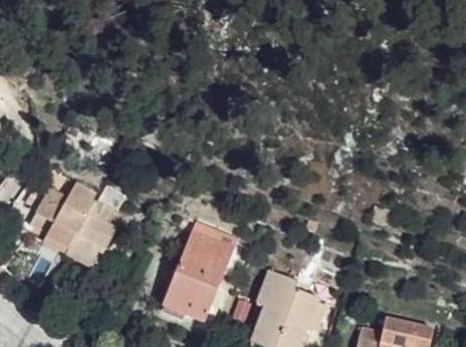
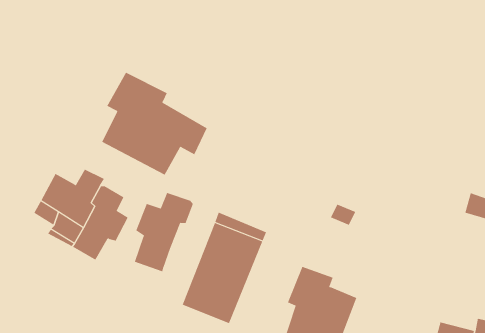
building: none -> [102,72,207,175]
building: none -> [134,192,194,272]

